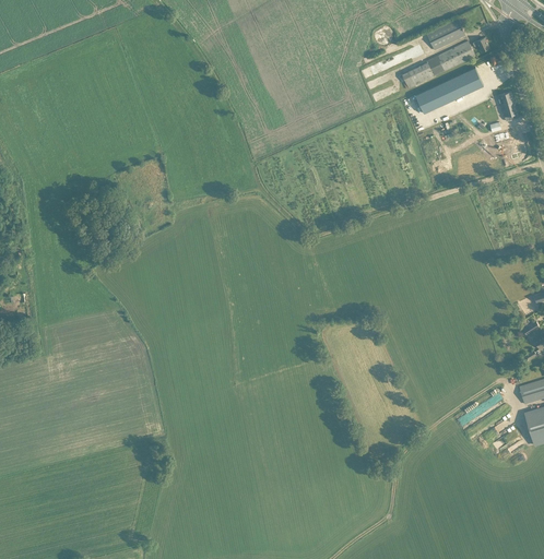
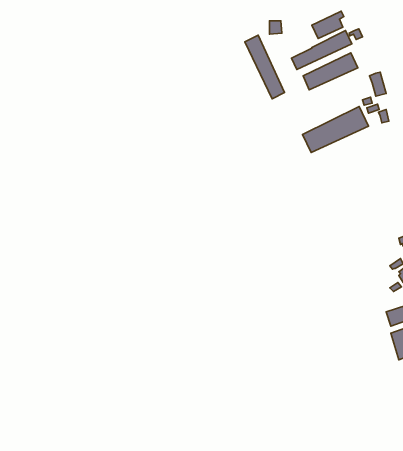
building: none -> [245,35,285,99]
building: none -> [302,107,368,152]

